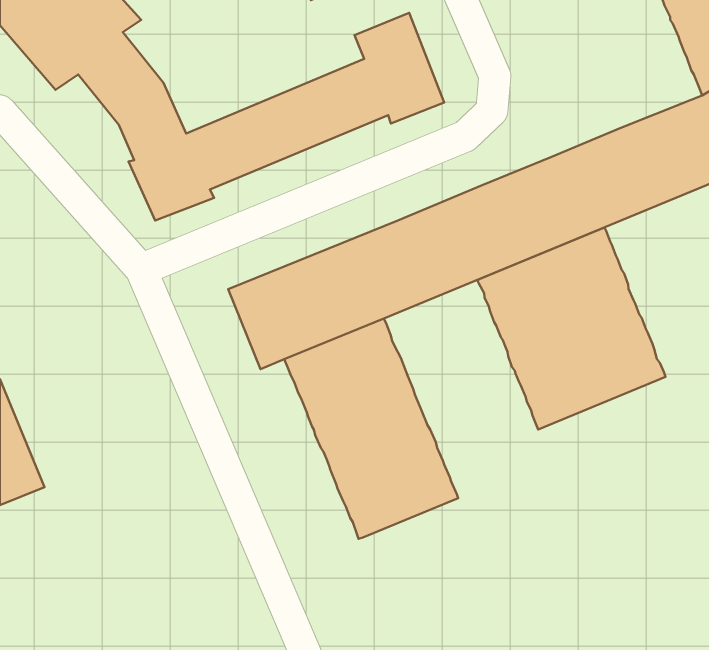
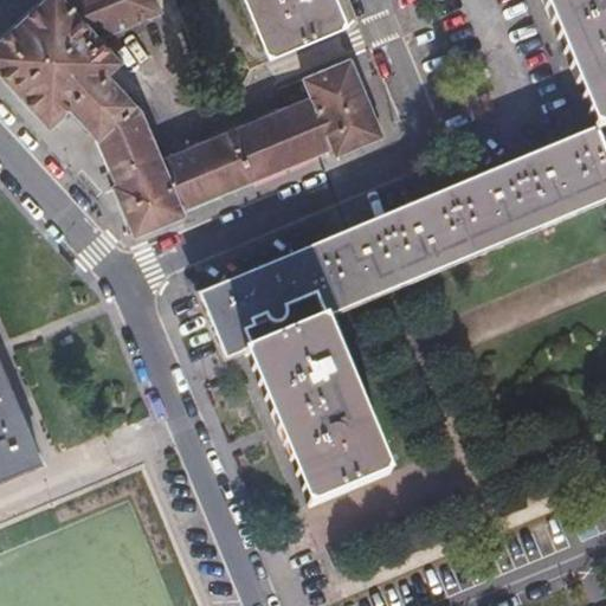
building: [477,228,665,429] -> none

